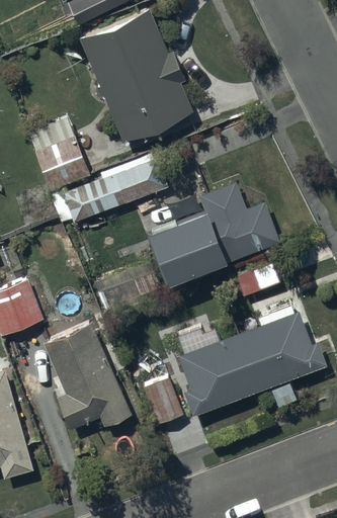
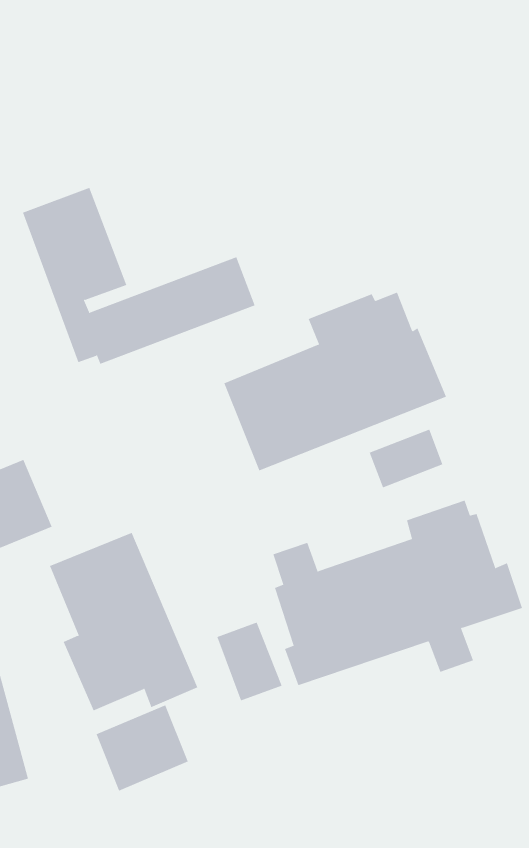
building: [78,9,191,140] -> none
building: none -> [96,704,188,791]

